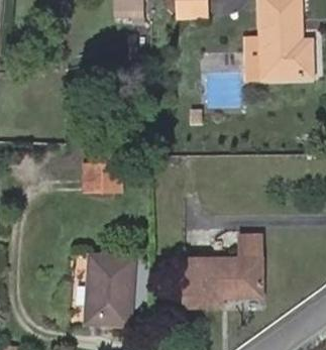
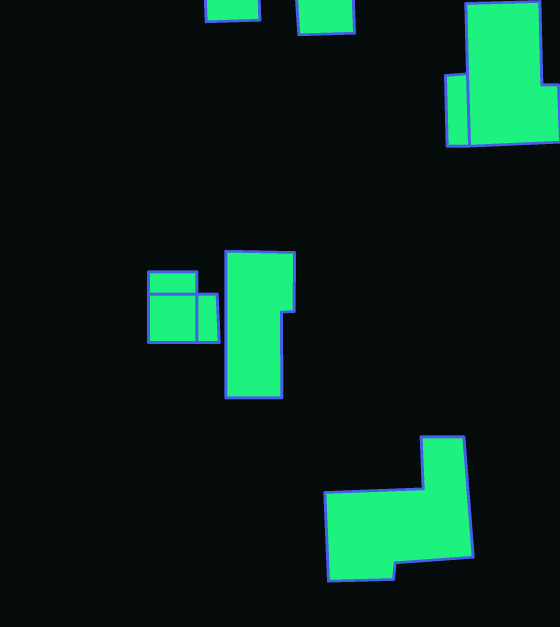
building: none -> [226,251,294,398]
building: [79,257,131,330] -> none

